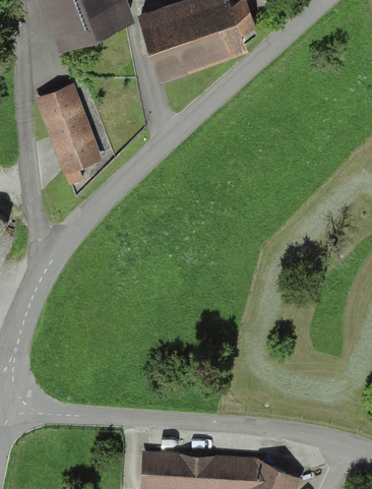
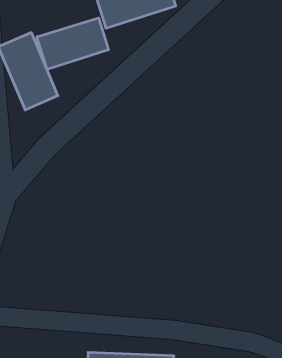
building: none -> [37,18,108,69]

